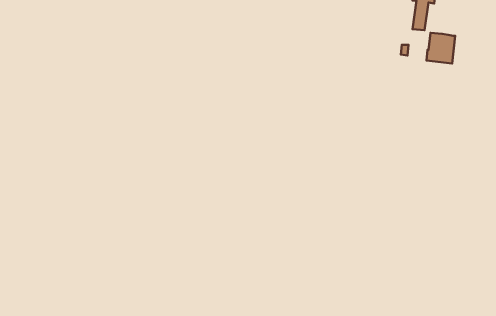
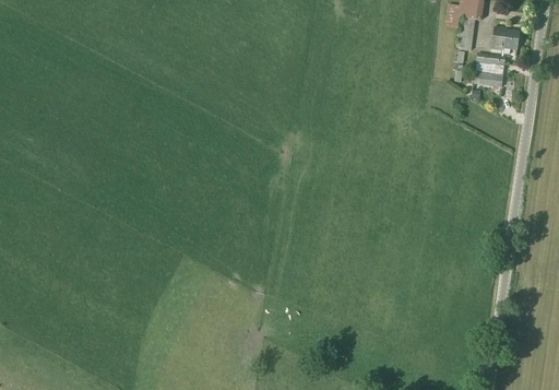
building: none -> [491,26,520,57]

